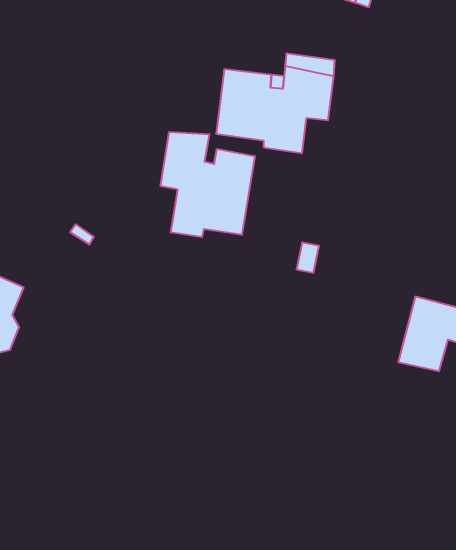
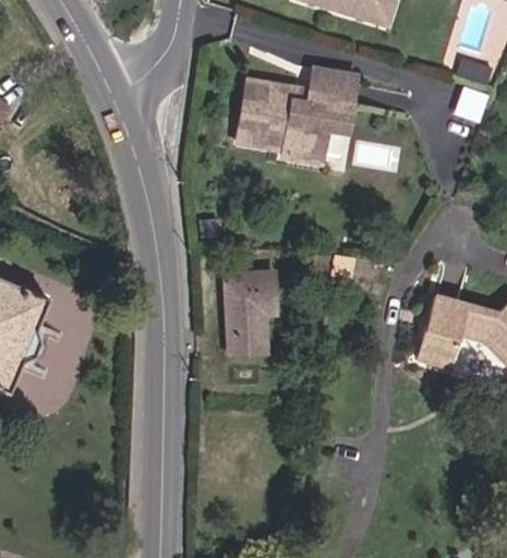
building: [161,132,255,237] -> none
building: none -> [226,287,266,368]

